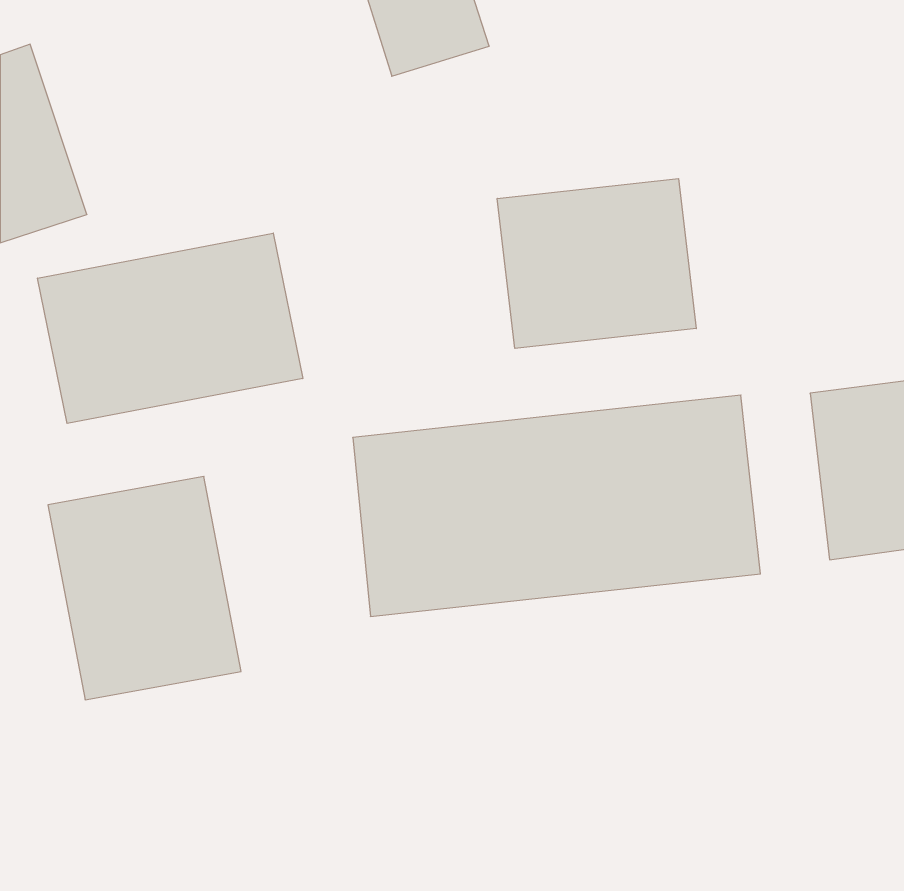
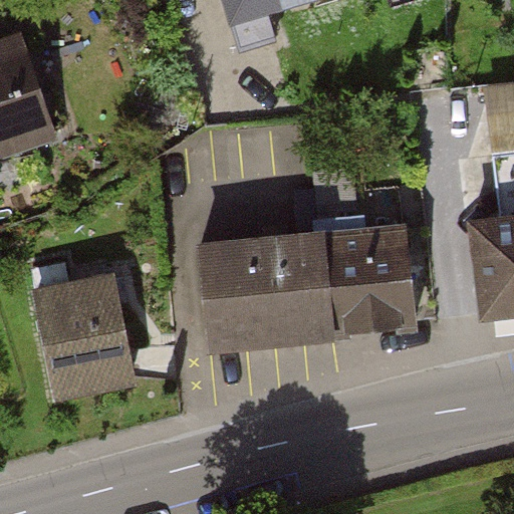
building: [497,179,696,348] -> none
building: [38,233,303,423] -> none

